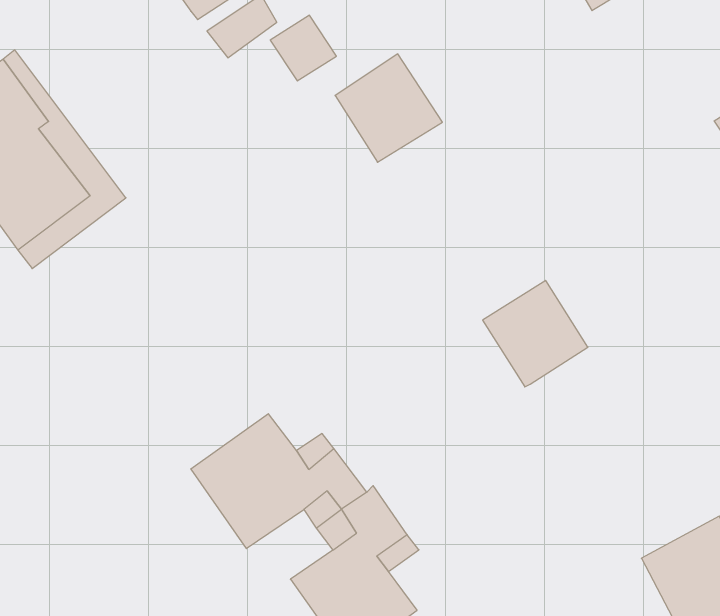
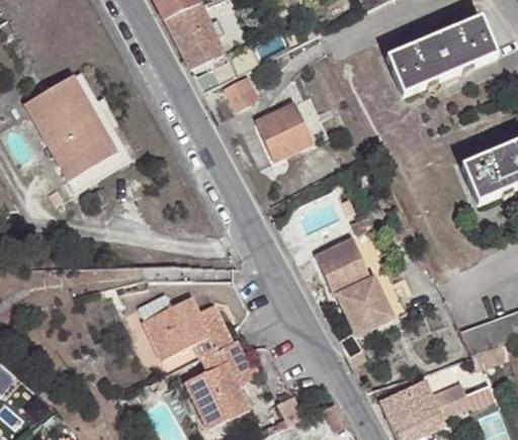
building: none -> [335,276,404,335]

